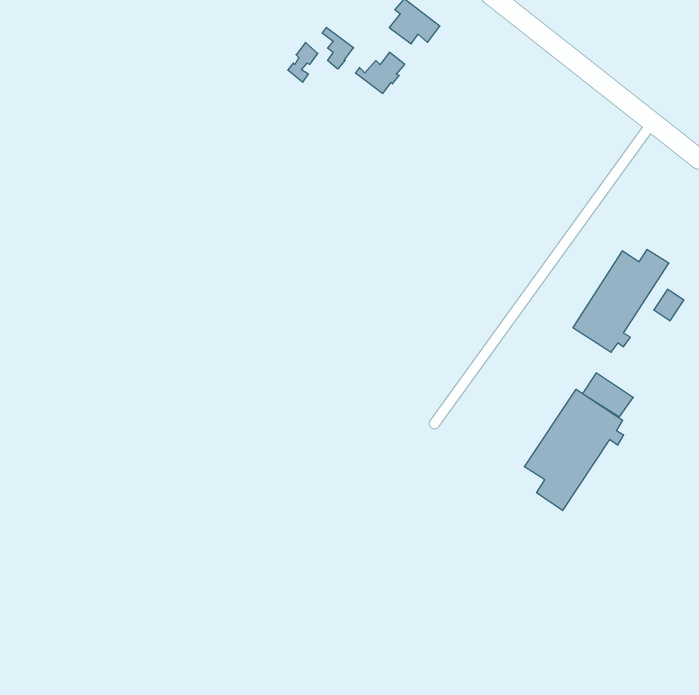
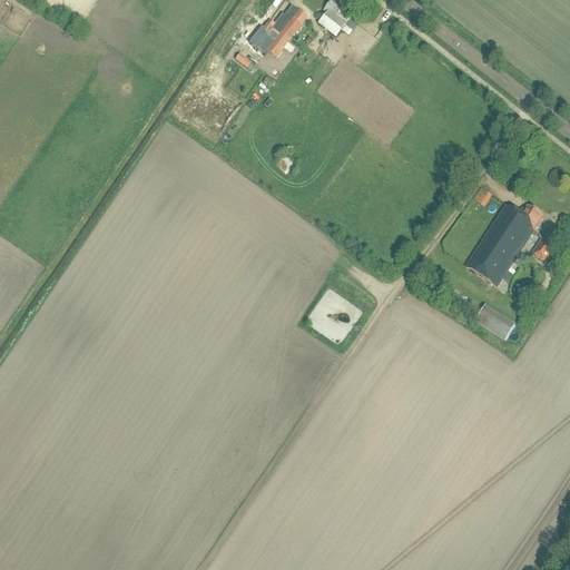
building: [355,52,405,93] -> [265,6,305,39]
building: [524,389,624,511] -> none

